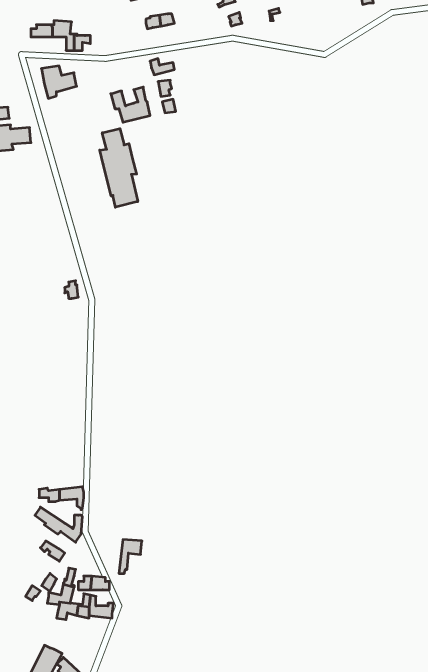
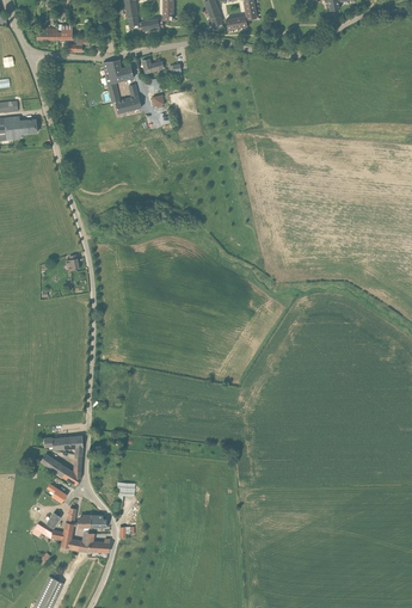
building: [41,66,77,98] -> [103,60,134,88]
building: [100,129,138,207] -> none

